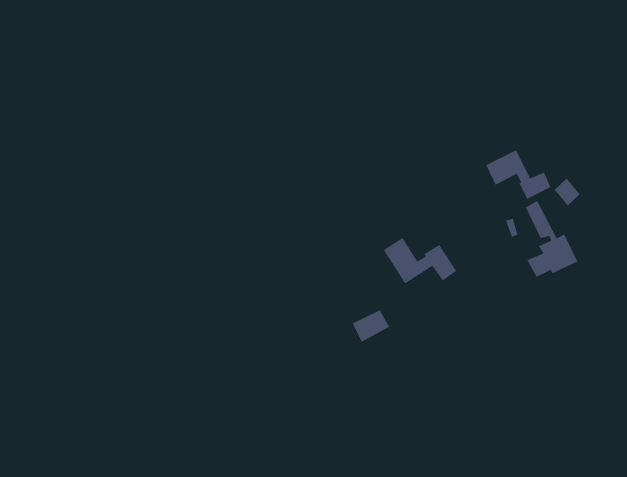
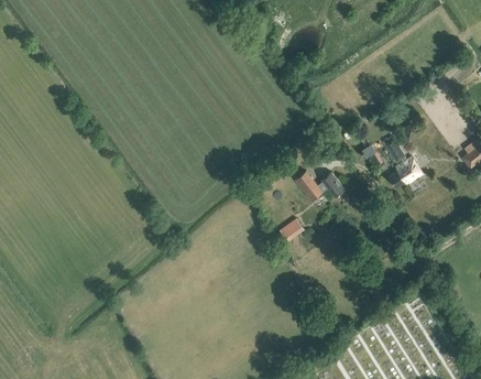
building: [485,149,552,200] -> none

